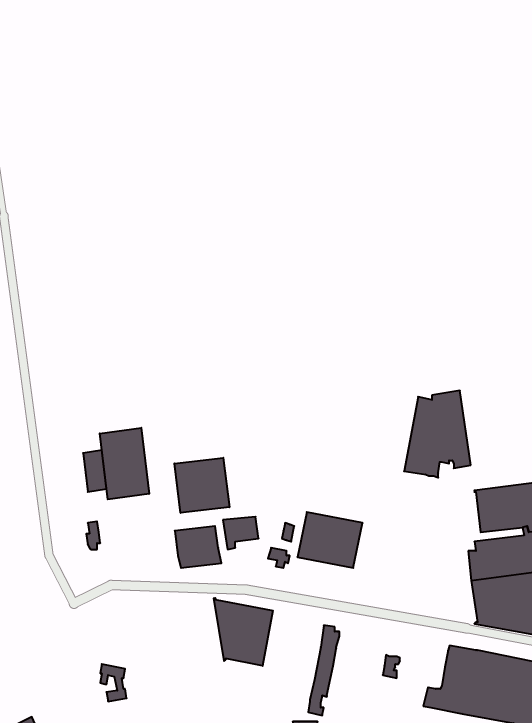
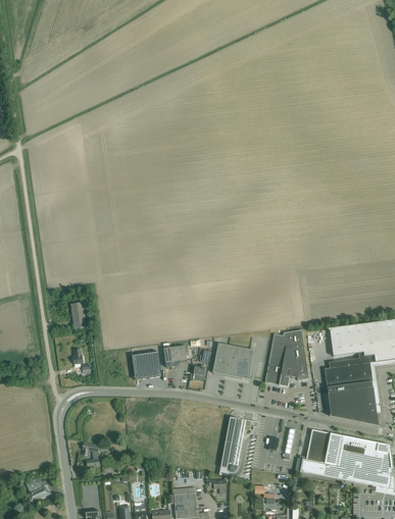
building: [404,391,471,478] -> [265,328,309,385]
building: [100,428,149,499] -> none
building: [174,458,229,513] -> none
building: [214,598,273,666] -> none

